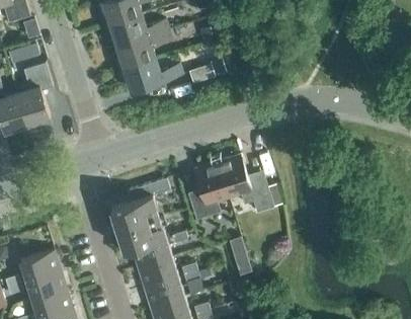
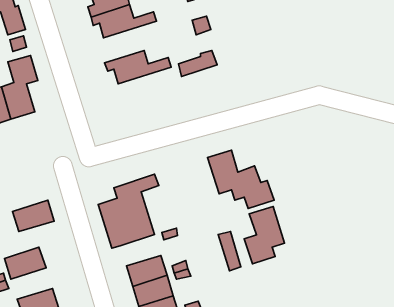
building: [115,30,171,71] -> none
building: [189,163,229,219] -> [244,207,285,264]
building: [133,238,172,268] -> none
building: [26,270,67,301] -> [13,200,54,231]

